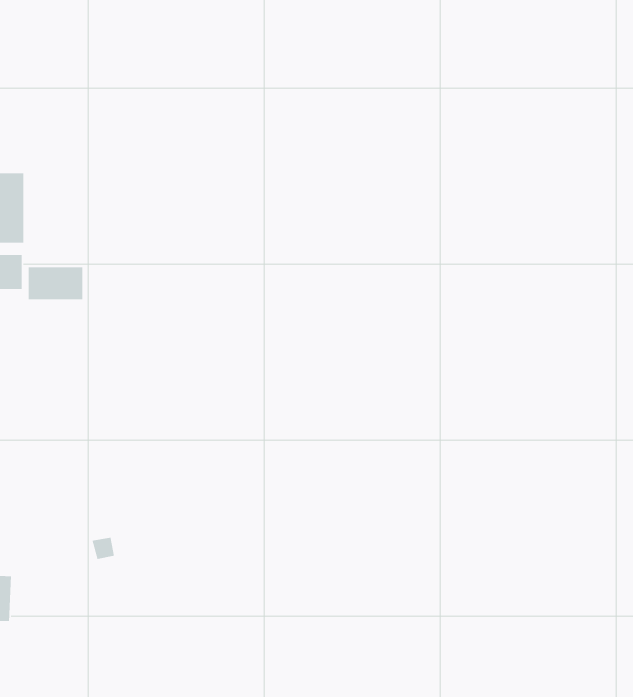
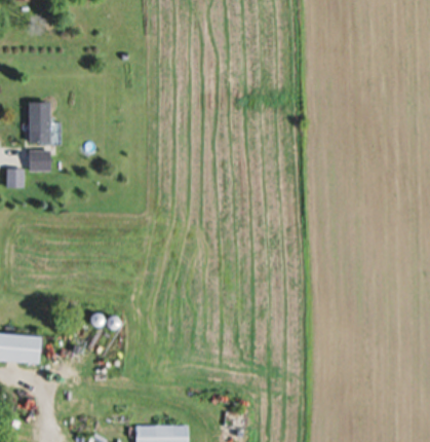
building: [28,267,83,300] -> none

